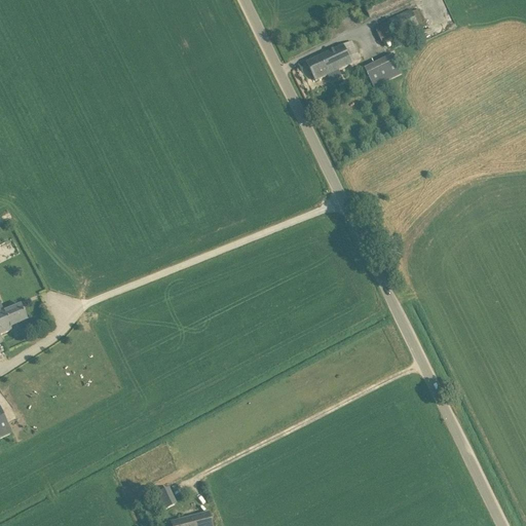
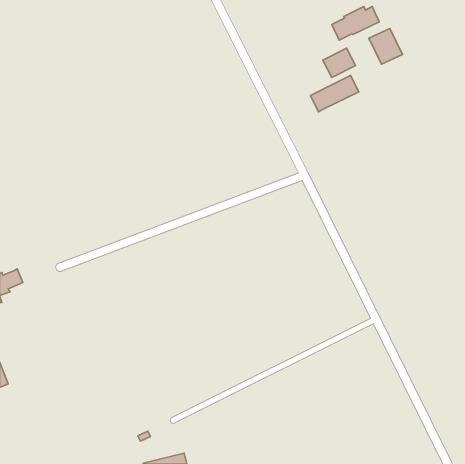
building: none -> [369,29,402,64]
building: [305,39,360,80] -> [310,75,359,112]

